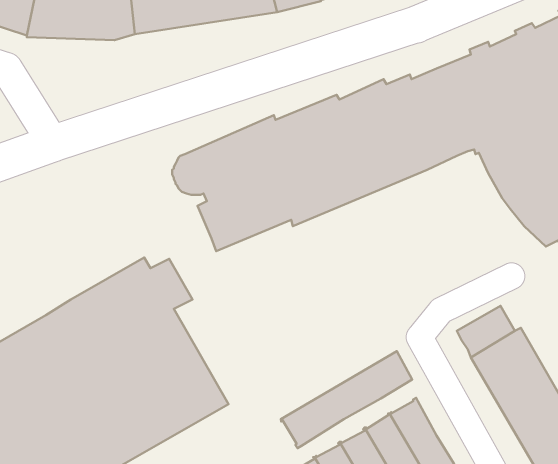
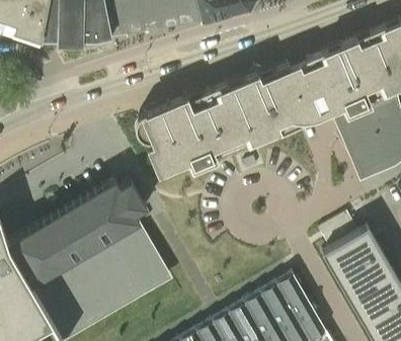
building: [281,351,412,448] -> none

